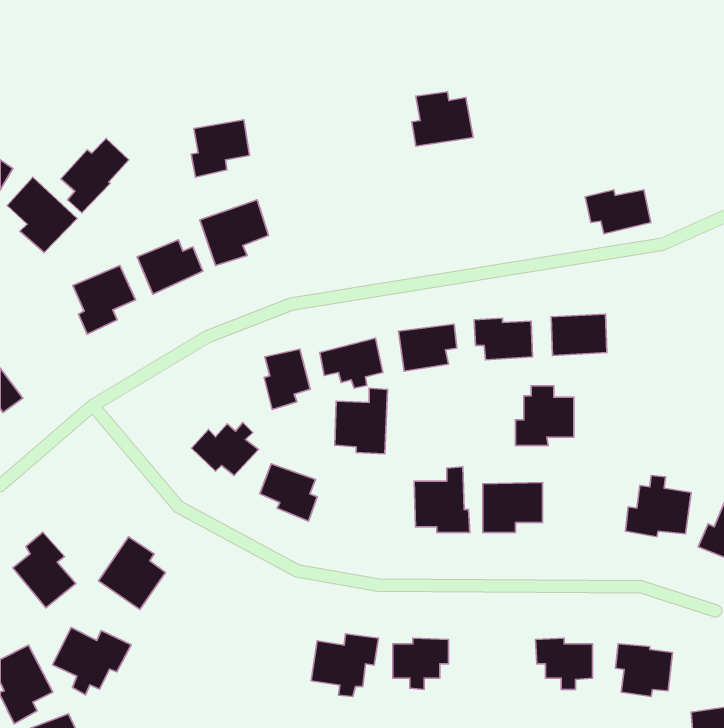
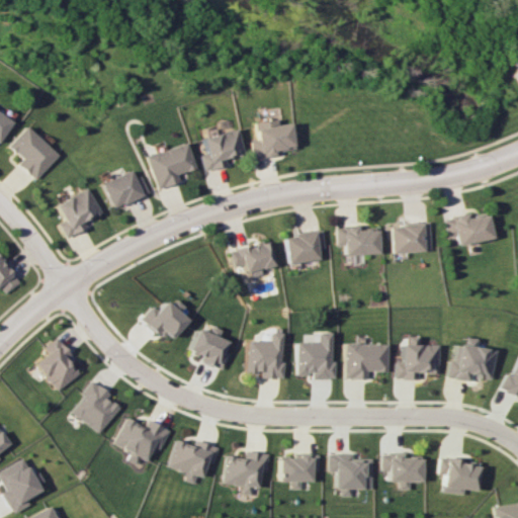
building: [412,92,473,146] -> [250,119,293,158]
building: [191,120,250,177] -> [200,131,242,171]
building: [61,138,129,213] -> none
building: [585,190,651,234] -> [446,214,493,246]
building: [264,349,310,409] -> none
building: [515,386,574,446] -> [397,337,438,379]
building: [335,388,388,454] -> [247,332,284,378]
building: [13,532,76,608] -> [37,338,82,392]
building: none -> [170,440,221,485]
building: [53,628,131,695] -> [116,418,172,465]
building: none -> [332,453,375,497]

